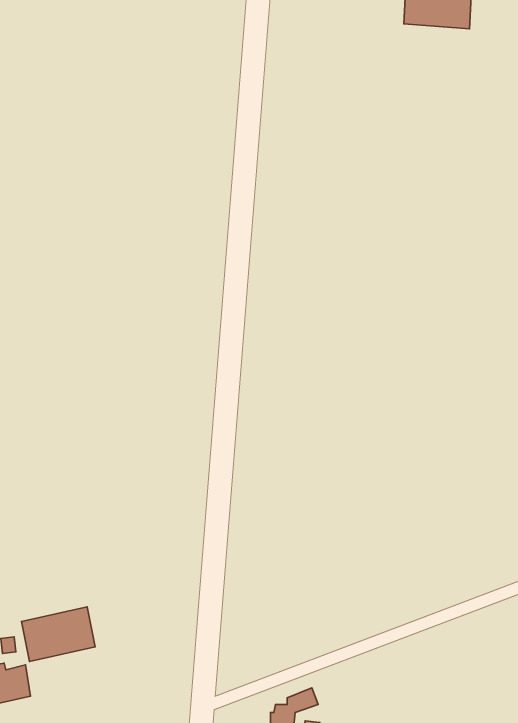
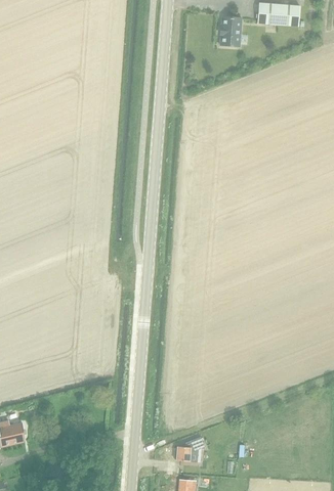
building: none -> [219,15,241,46]
building: [22,607,95,661] -> none

